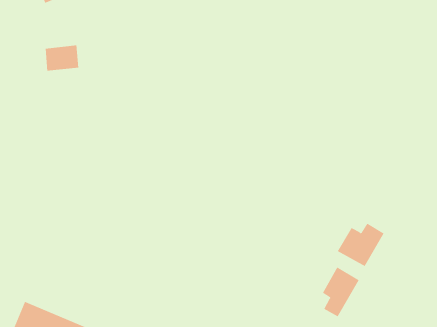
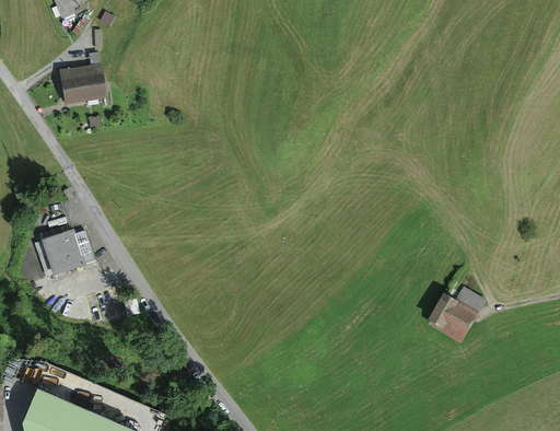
building: none -> [47,230,90,272]
building: [322,267,359,317] -> none

